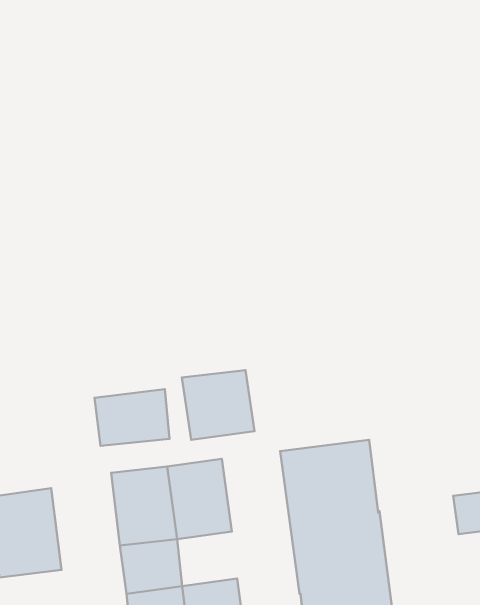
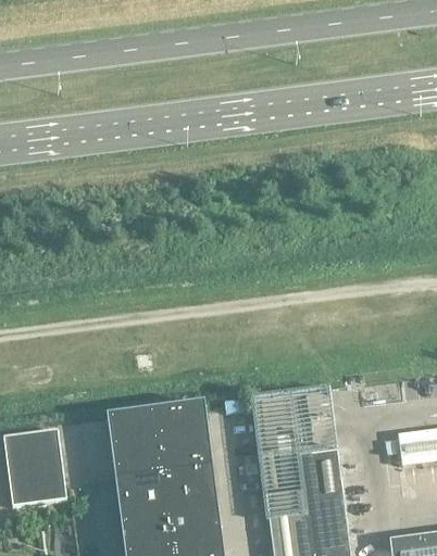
building: [182,370,255,440] -> none
building: [95,389,170,446] -> none
building: none -> [164,466,215,513]

